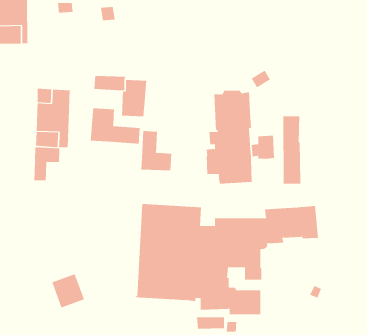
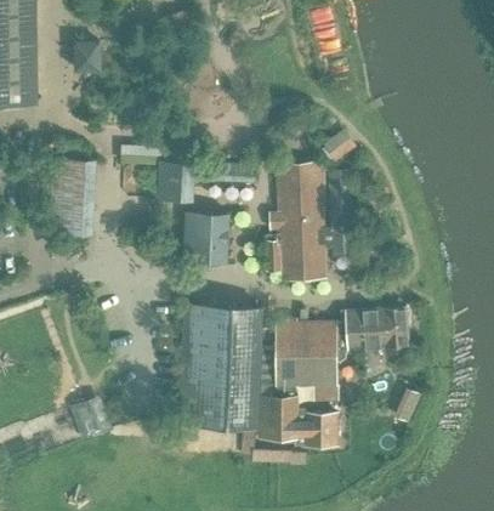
building: [90,107,140,144] -> none
building: [283,115,301,185] -> none
building: [34,146,60,181] -> none

